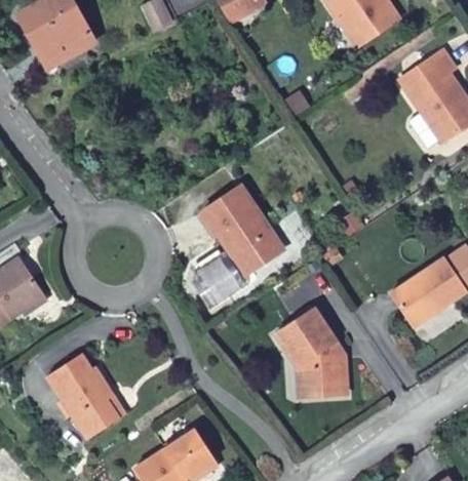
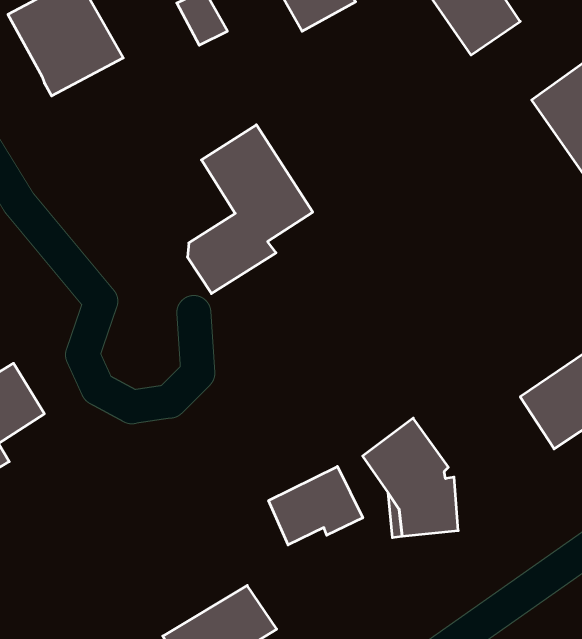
building: [190,185,281,308] -> [187,125,313,294]
building: none -> [269,466,363,545]
building: [49,356,124,440] -> none

